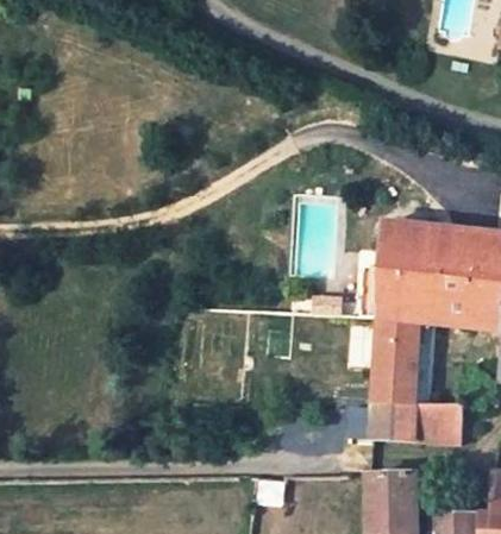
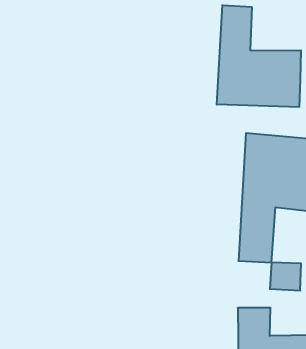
building: none -> [217,5,301,107]
building: [368,403,418,444] -> none

